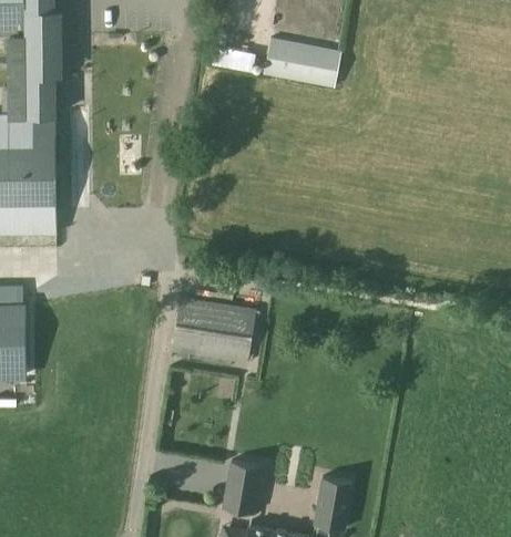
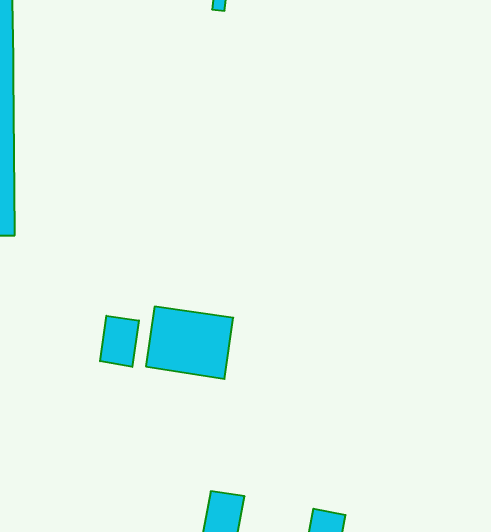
building: [260,39,340,89] -> none
building: none -> [100,316,139,367]

